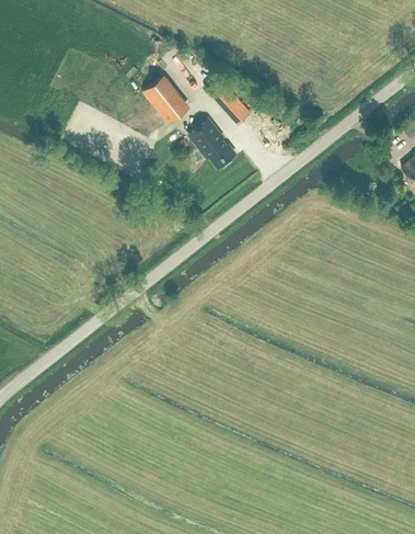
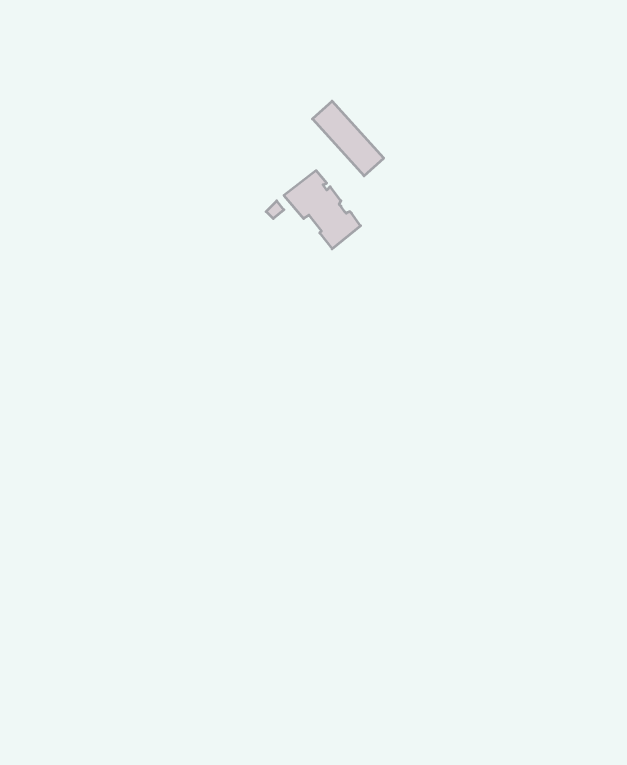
building: [142,75,189,124] -> none

